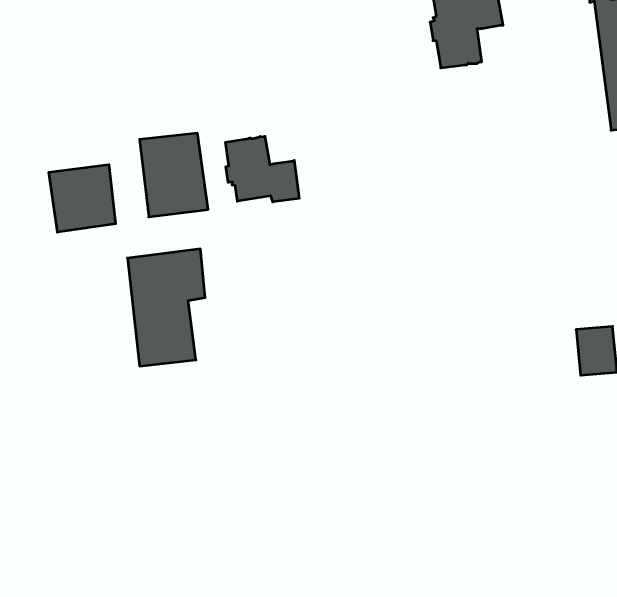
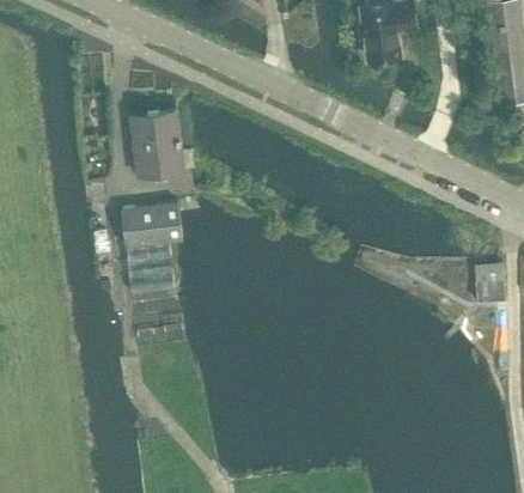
building: [226,136,299,202] -> none
building: [49,165,116,232] -> none

